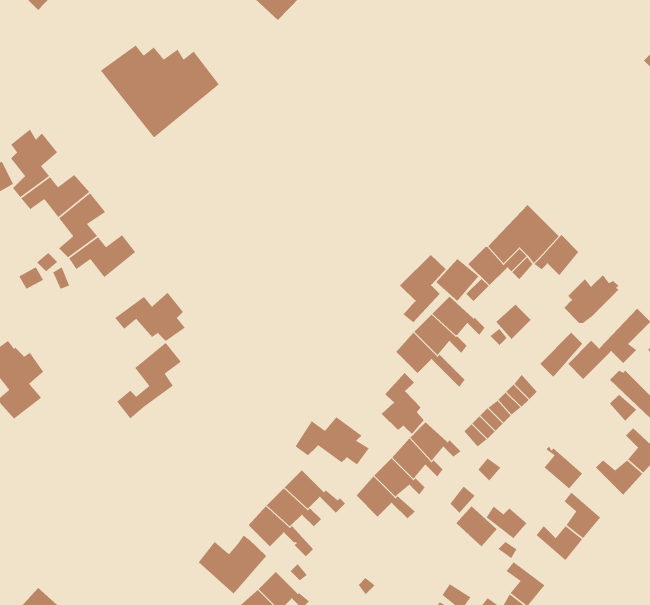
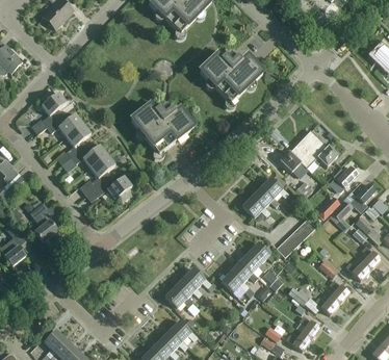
building: [100,45,220,138] -> [130,106,192,155]
building: none -> [199,55,262,103]
building: [399,254,446,323] -> none
building: [116,342,182,420] -> [80,154,114,195]
building: [381,372,425,435] -> none
building: [295,416,370,465] -> none
building: [198,534,267,594] -> none

